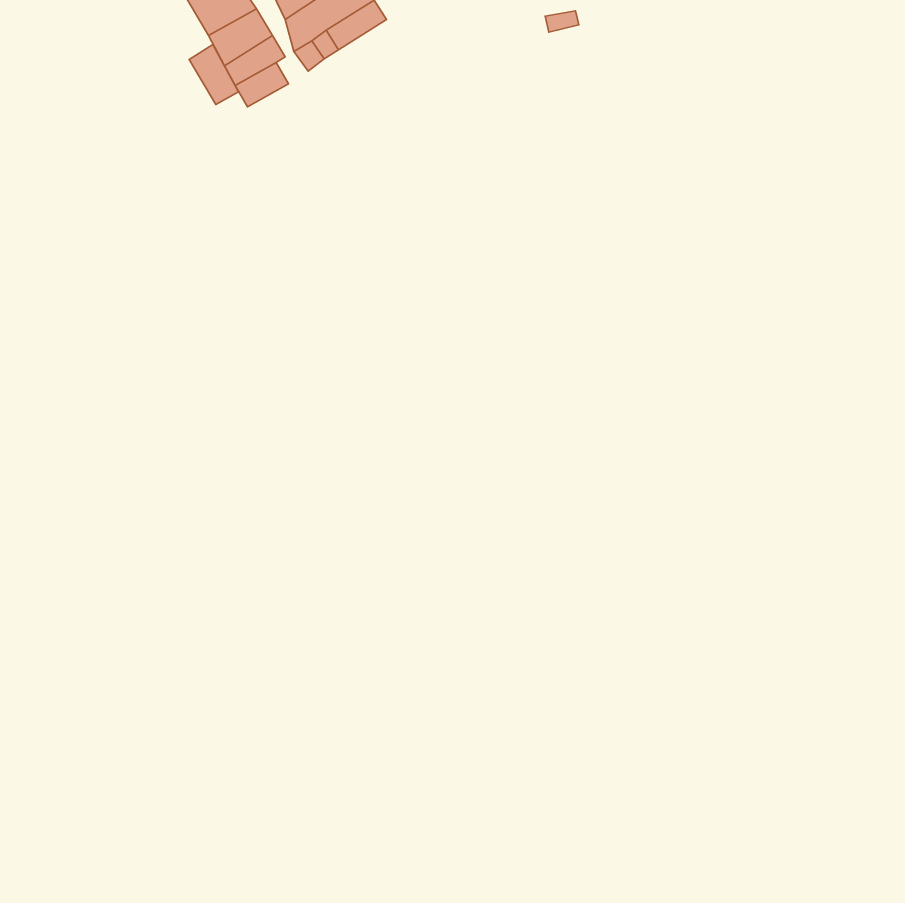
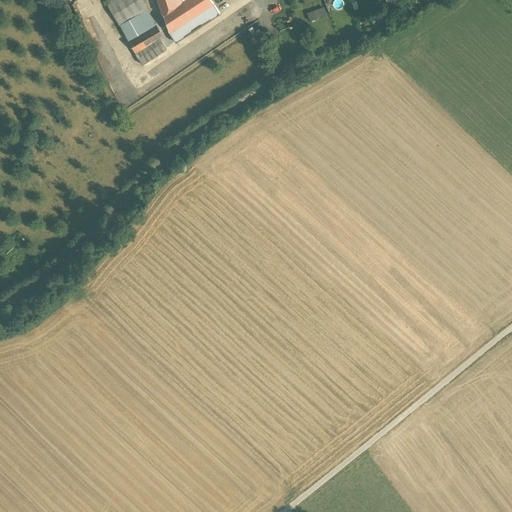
building: [189,44,238,104] -> none

